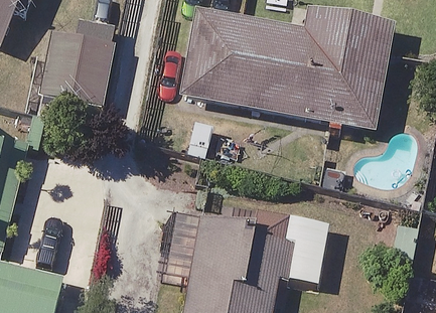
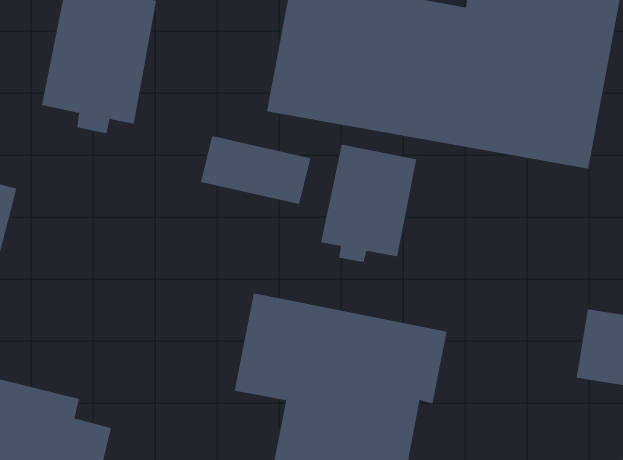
building: none -> [321,144,417,263]

